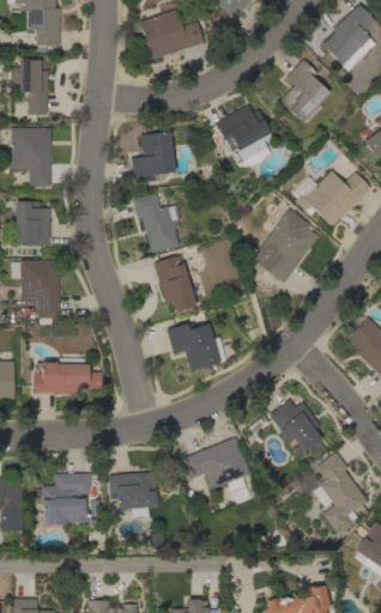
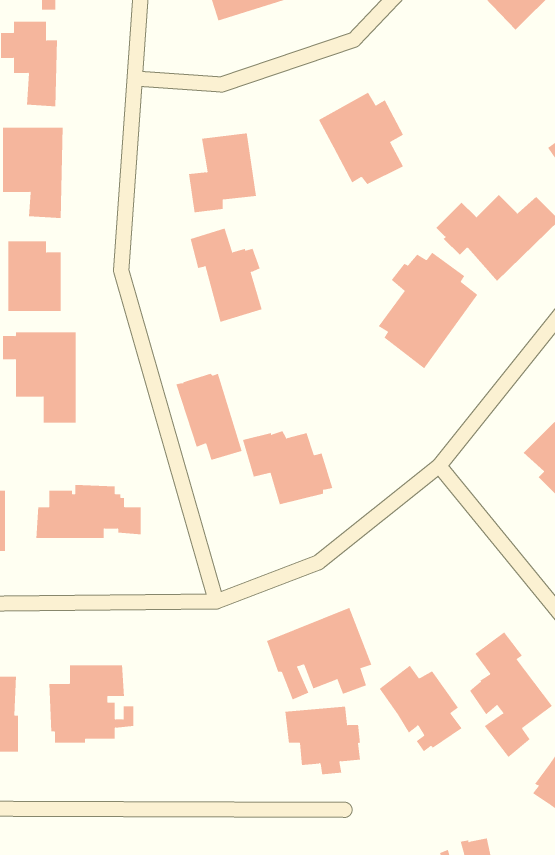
building: [279,60,329,122] -> none
building: [153,256,196,312] -> [176,373,243,461]
building: [268,399,322,455] -> [379,665,462,752]
building: [108,472,157,516] -> [284,706,361,775]

